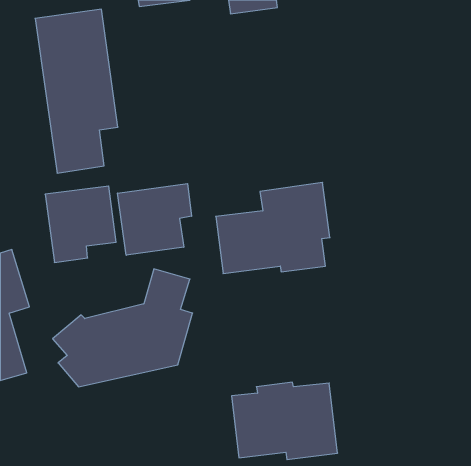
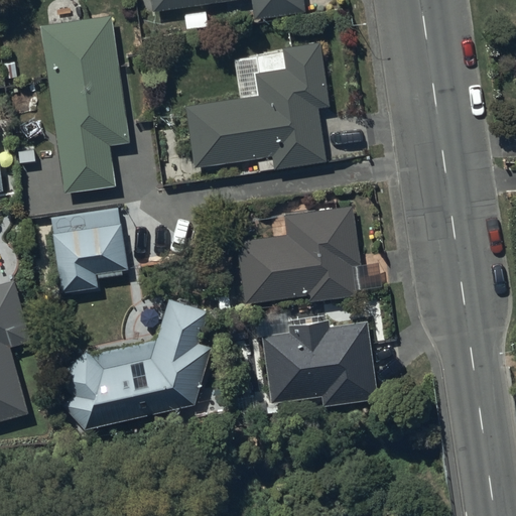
building: none -> [184,45,329,168]
building: [118,184,192,255] -> none
building: [232,382,338,460] -> [262,320,378,405]

